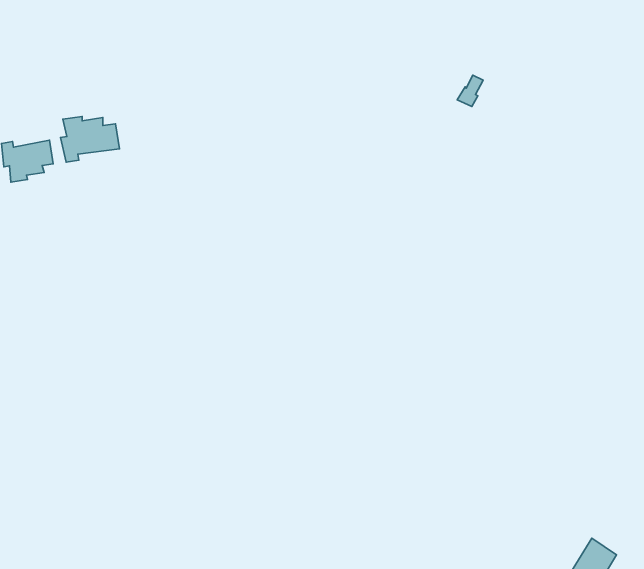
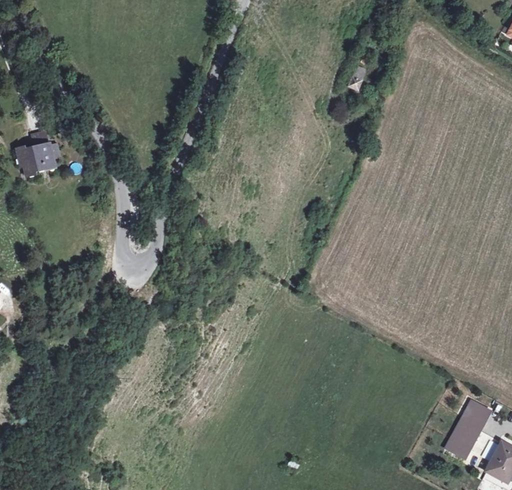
building: [61,116,120,162] -> none

